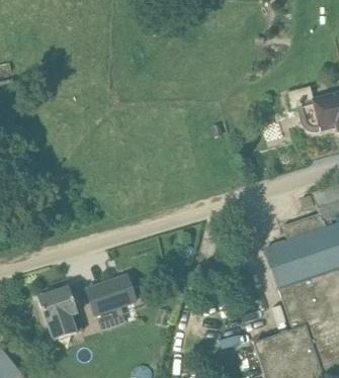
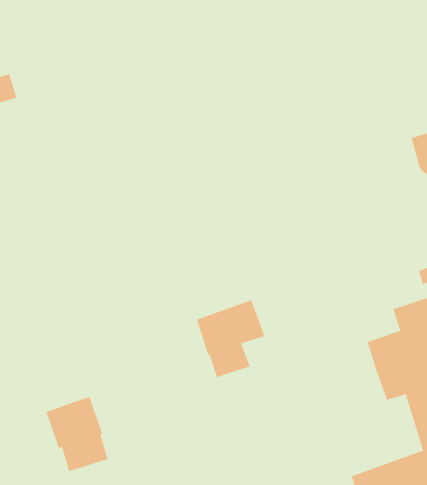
building: [86,274,135,329] -> [196,299,265,378]

